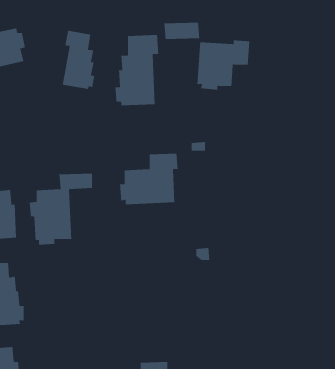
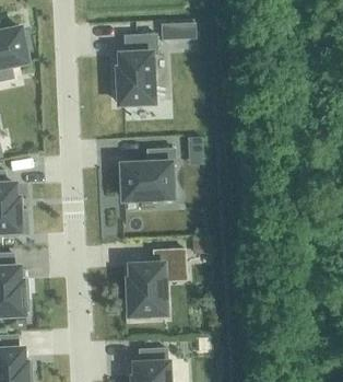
building: [62,30,95,90] -> none
building: [197,39,250,90] -> none
building: [29,173,93,246] -> [123,251,185,321]

